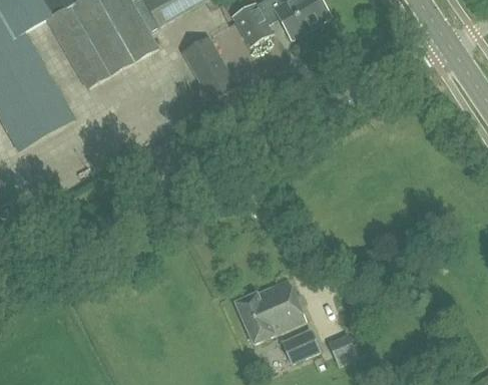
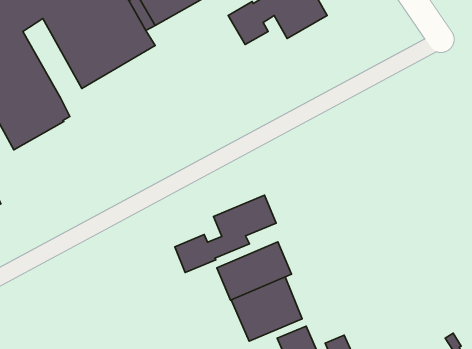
building: [180,35,237,102] -> none
building: none -> [175,195,276,272]
building: none -> [217,242,292,300]

